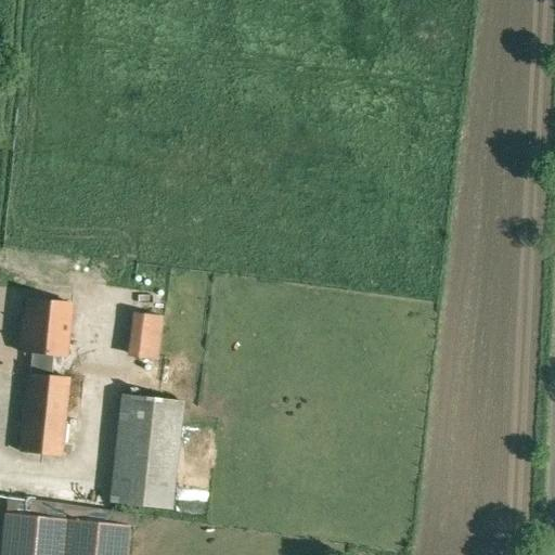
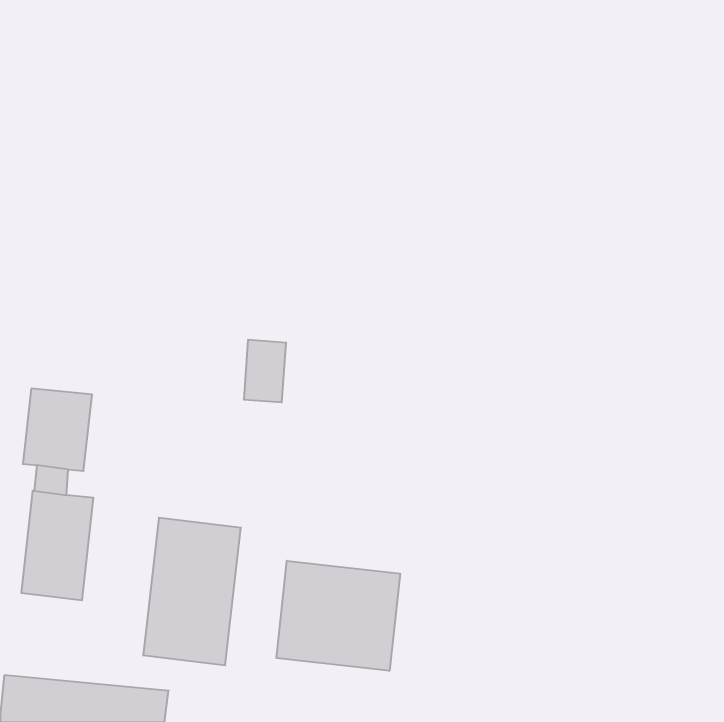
building: [132,308,165,356] -> [244,340,286,402]
building: none -> [276,561,400,671]

